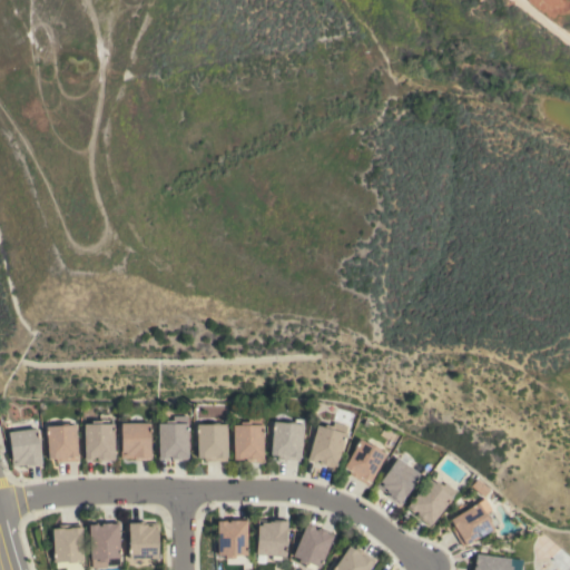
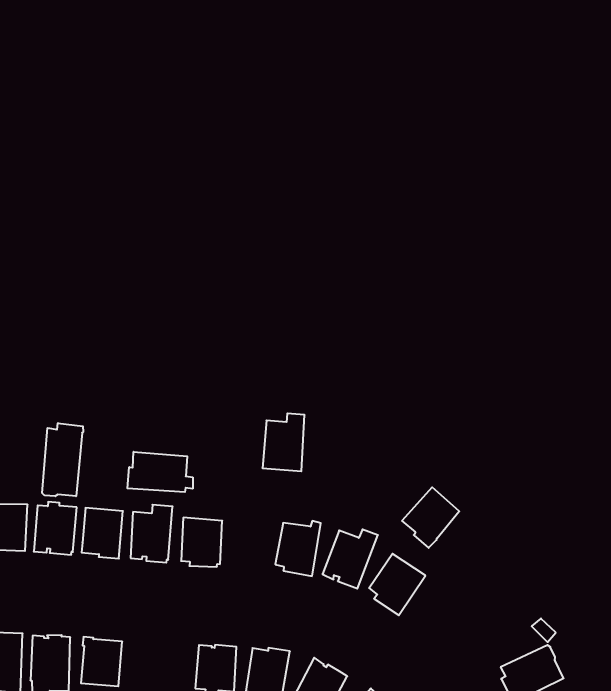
building: none -> [42,423,83,496]
building: none -> [127,452,193,492]
building: [235,417,265,461] -> [262,413,305,471]
building: [377,458,421,504] -> [402,487,459,548]
building: [407,479,458,525] -> none

